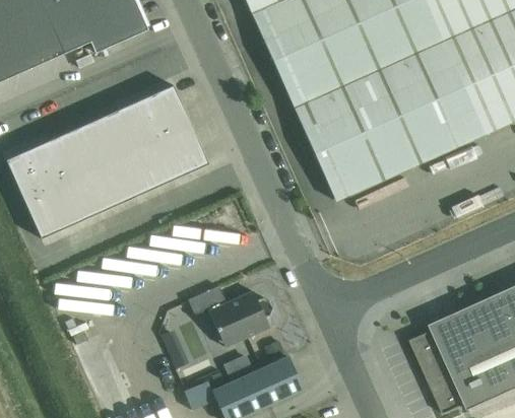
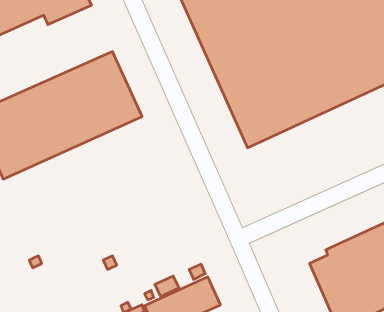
building: [187,285,273,347] -> none

